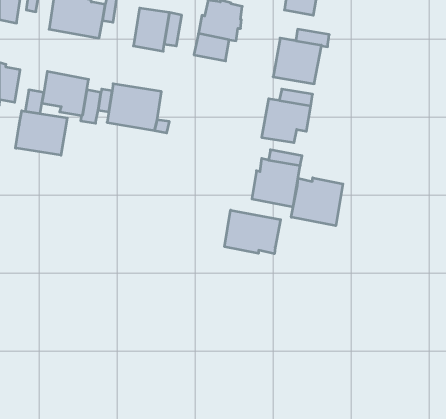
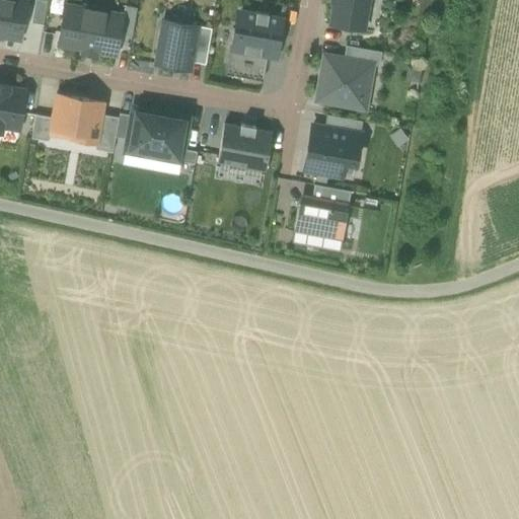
building: none -> [219,124,272,170]
building: [15,111,67,155] -> none
building: [291,178,343,226] -> none
building: [225,210,281,254] -> none

